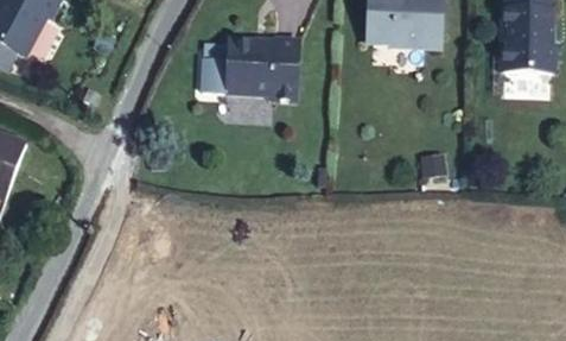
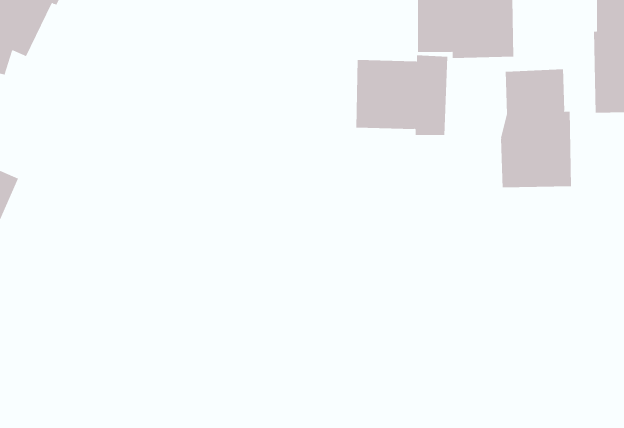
building: [222,33,294,96] -> [355,55,448,135]
building: none -> [501,68,571,188]

